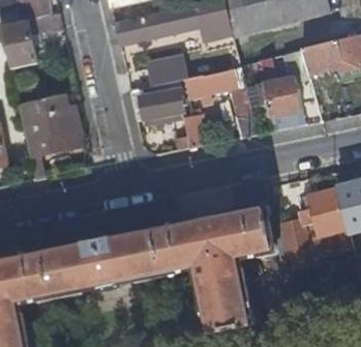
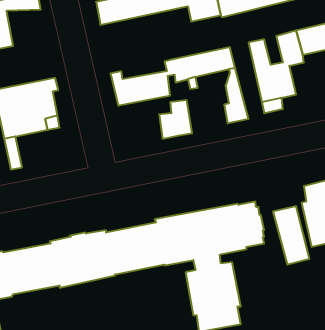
building: [143,51,186,84] -> none

